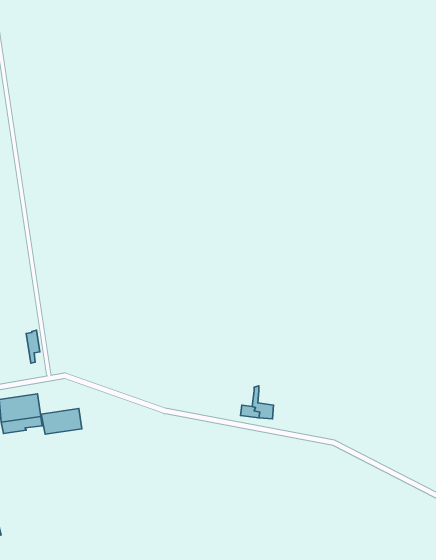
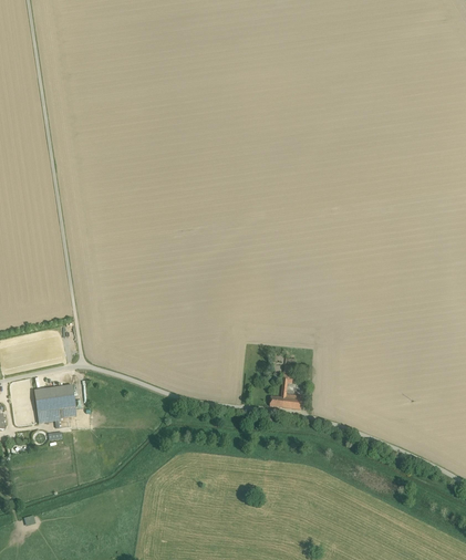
building: [41,409,82,434] -> none

